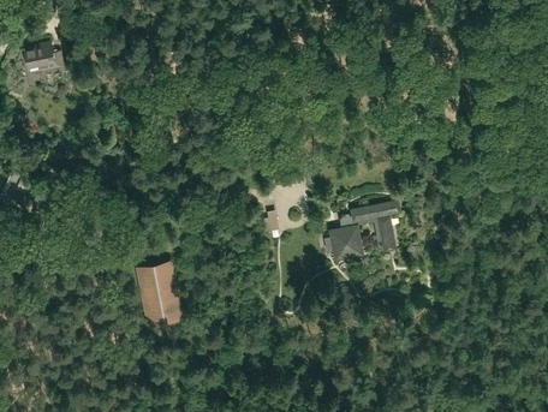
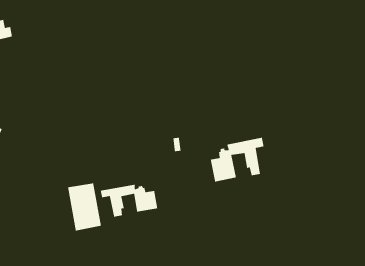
building: none -> [100,184,158,218]

